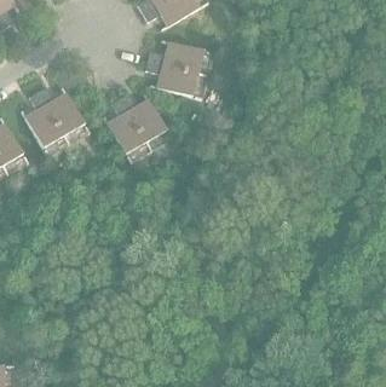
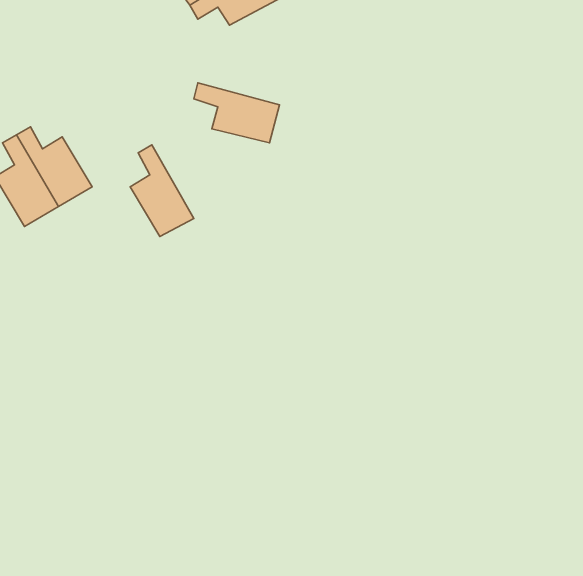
building: [149,40,204,73] -> none
building: [121,92,167,141] -> none

